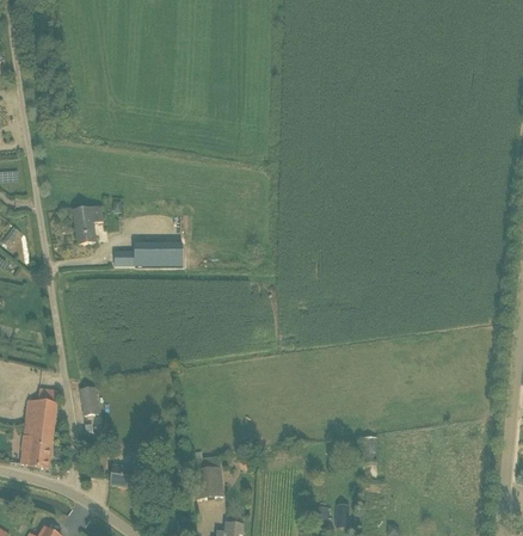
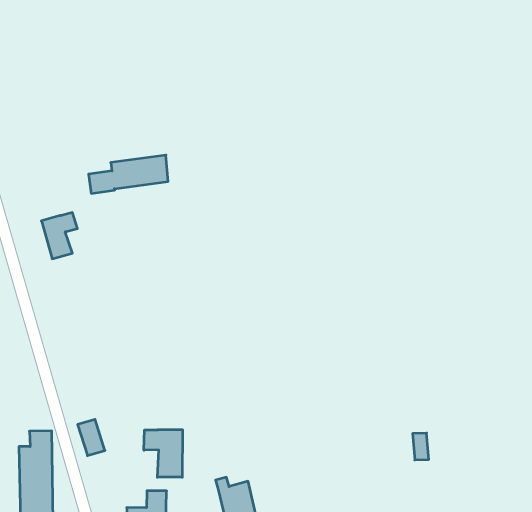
building: [115,242,183,266] -> [89,155,168,193]
building: none -> [144,430,182,477]

